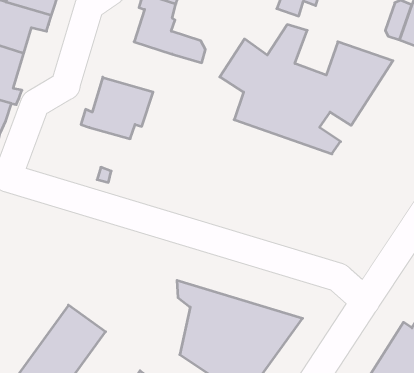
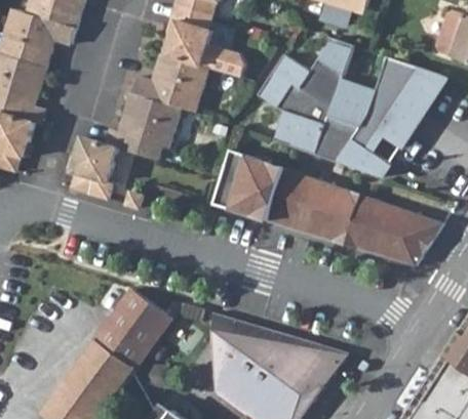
building: none -> [130,55,205,113]
building: none -> [70,138,116,199]
building: none -> [211,148,441,265]
building: none -> [93,289,170,369]

